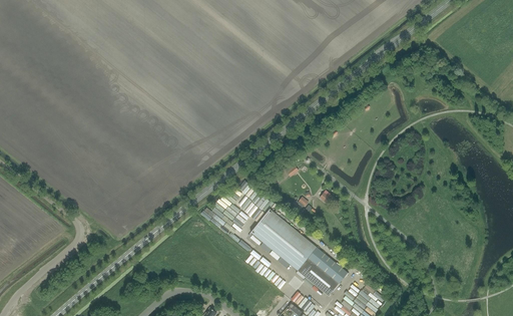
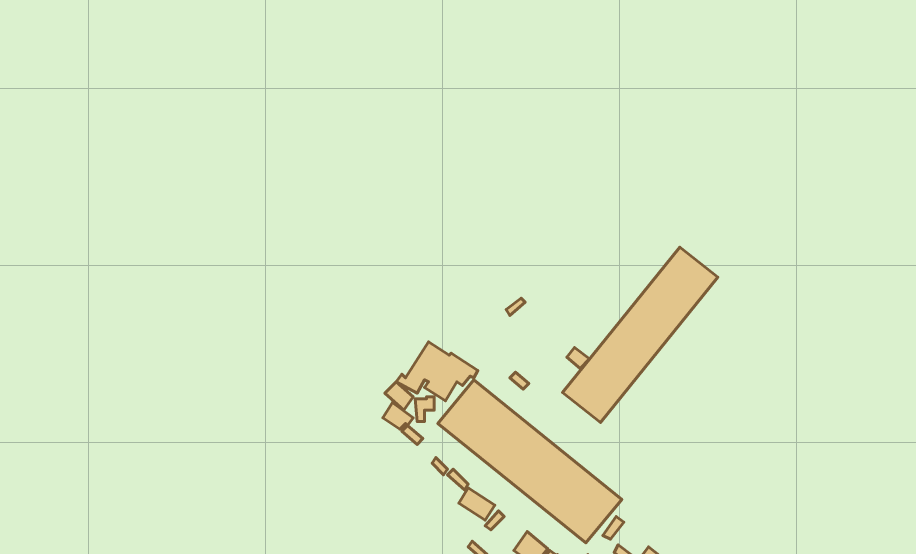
building: none -> [562,247,718,423]

